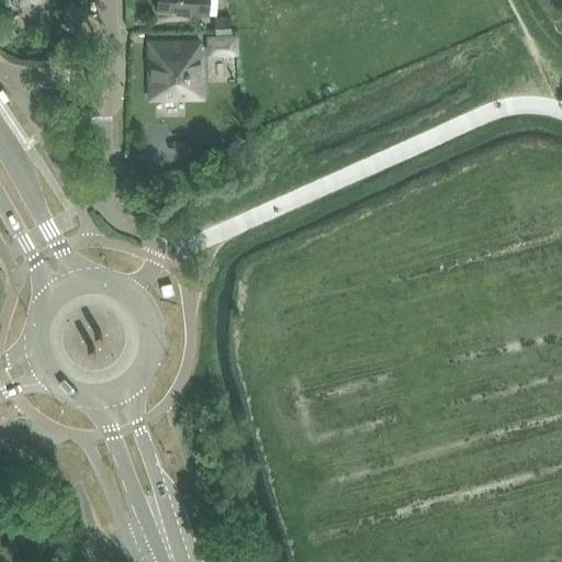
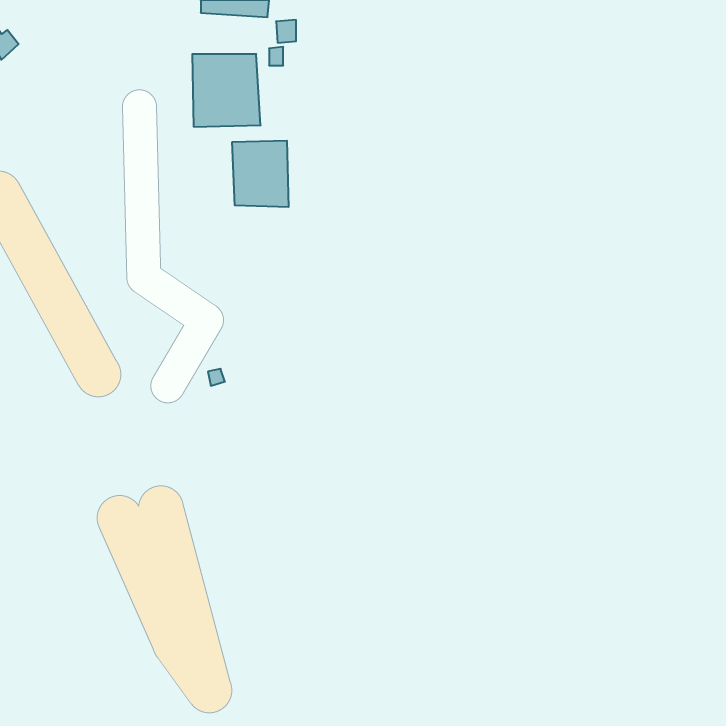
building: none -> [232,141,288,207]

